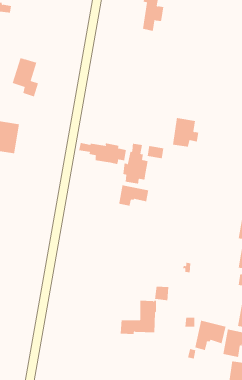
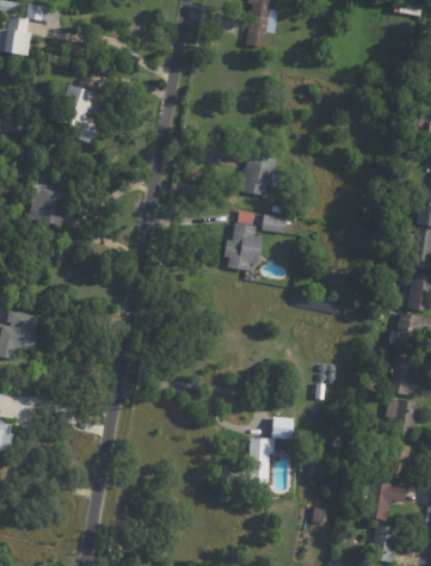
building: [172,118,199,147] -> [244,152,283,195]
building: [79,142,126,165] -> none
building: [119,185,149,207] -> none
building: [195,320,226,351] -> none

